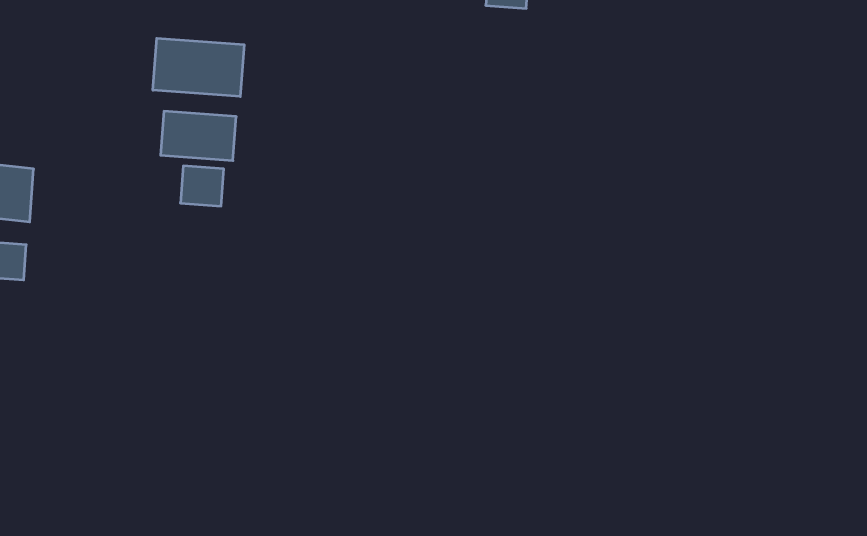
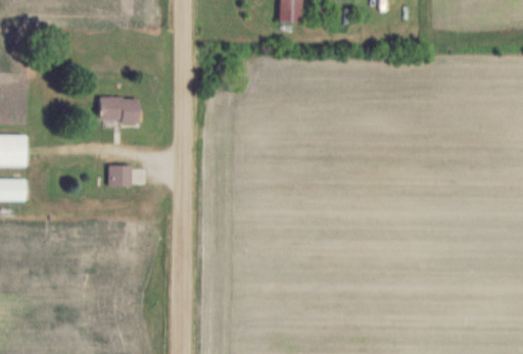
building: [153,38,244,97] -> none
building: [180,166,224,206] -> [109,165,133,187]

